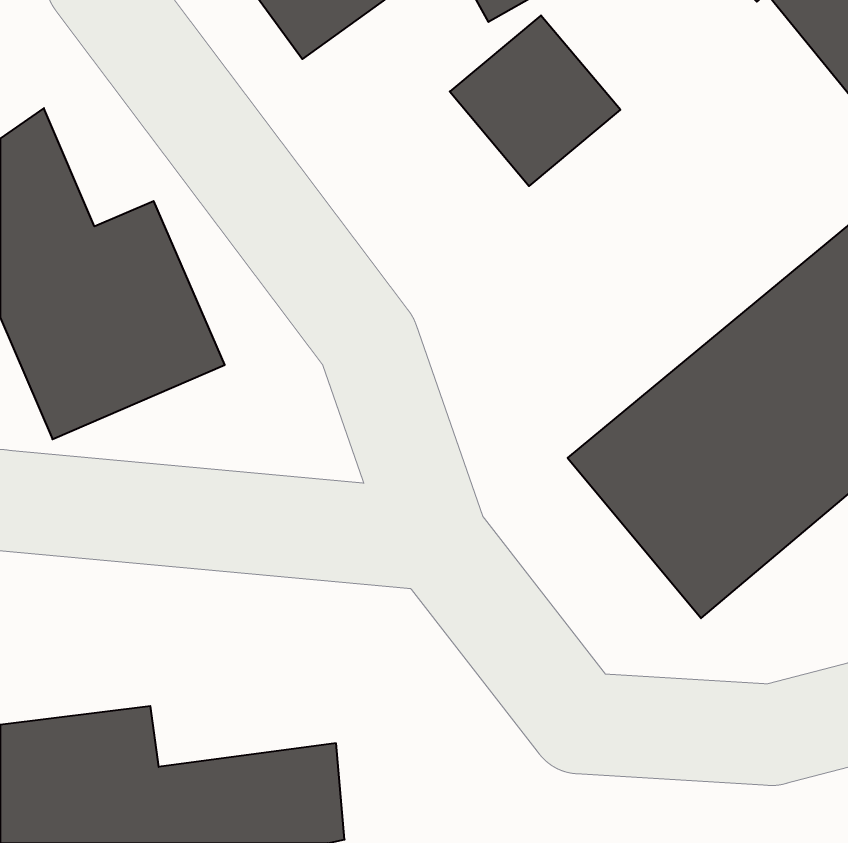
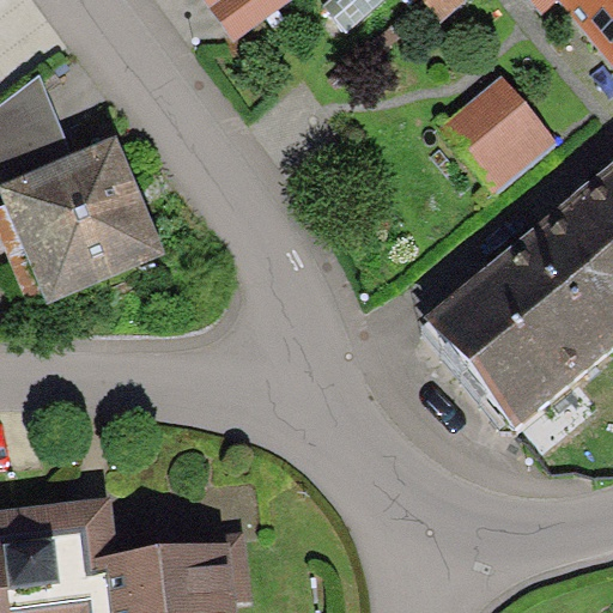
building: [450,15,620,186] -> [432,75,553,196]

